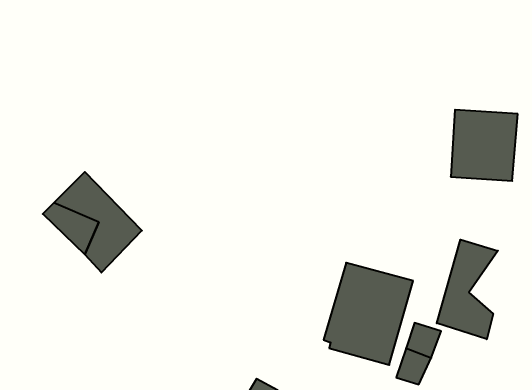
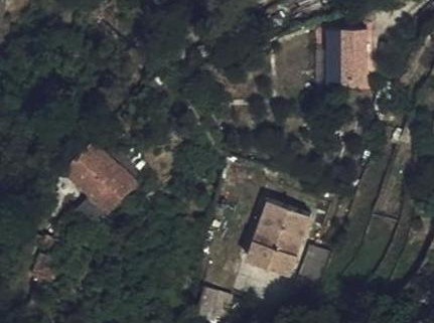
building: [451,110,518,181] -> [322,31,371,83]
building: [437,240,498,339] -> none

